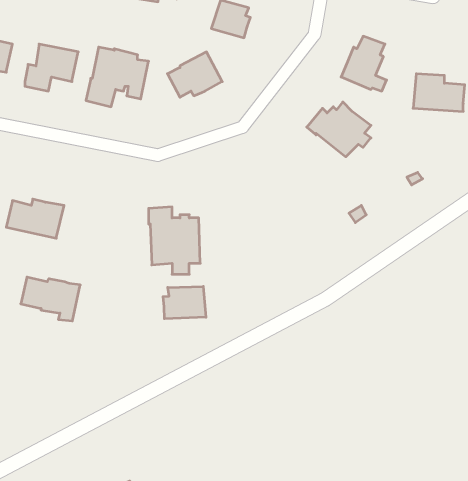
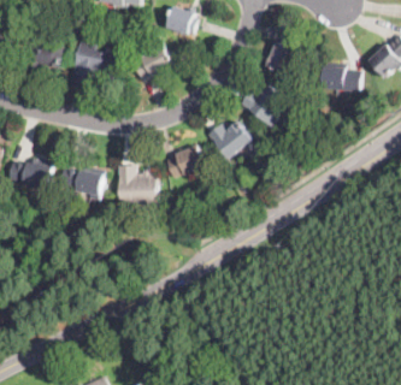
building: none -> [206,120,252,159]
building: none -> [165,144,204,177]
building: [21,277,80,321] -> [58,165,104,199]
building: [163,286,206,319] -> none

